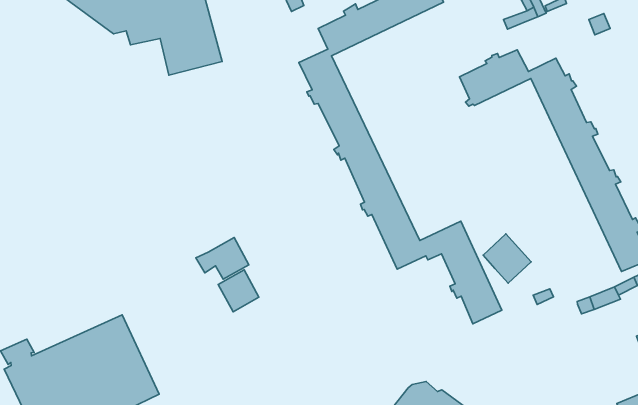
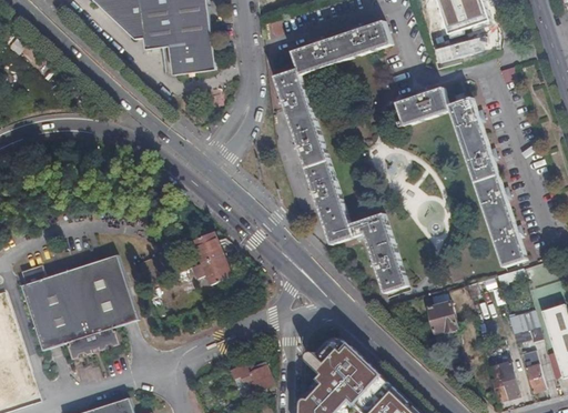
building: [483,234,531,283] -> none
building: [196,238,249,279] -> [190,253,230,284]
building: none -> [426,301,457,333]

